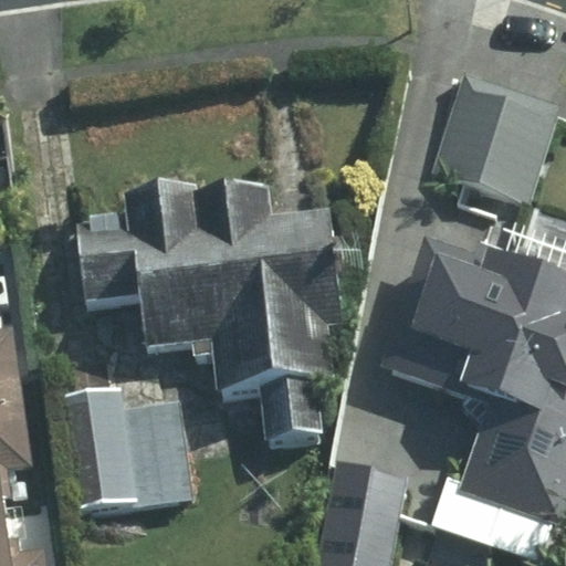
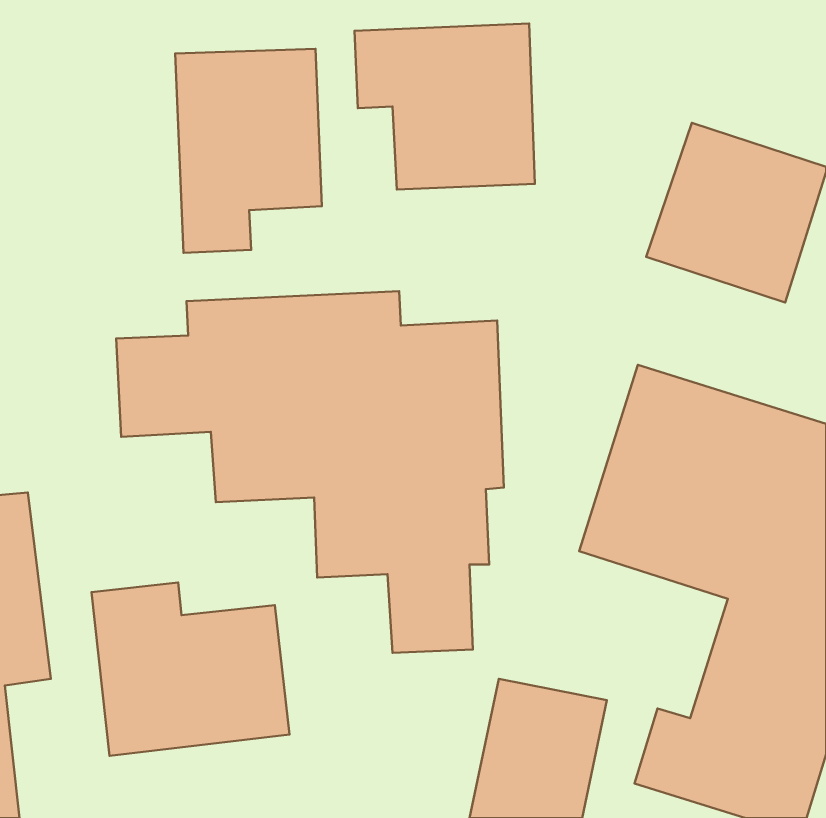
building: none -> [355,23,535,189]
building: none -> [175,49,322,253]

